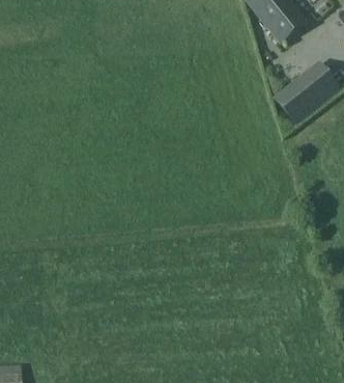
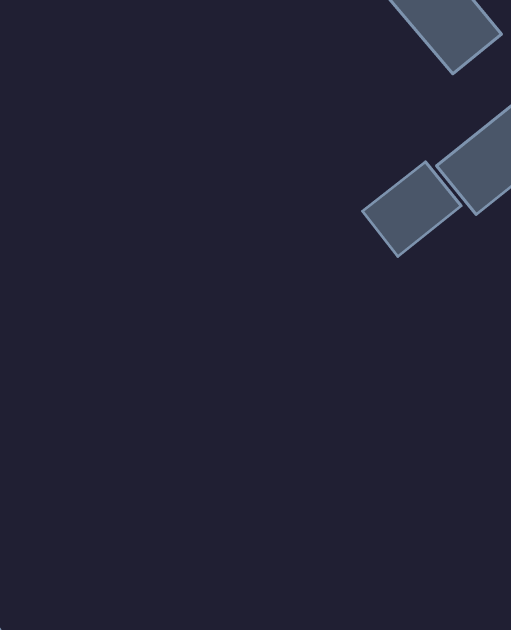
building: none -> [362,162,461,257]

